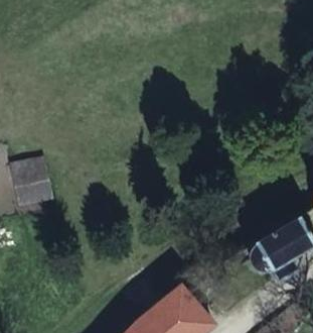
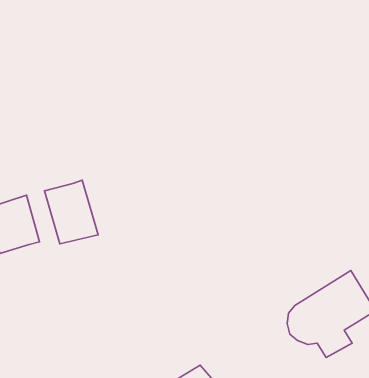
building: none -> [45,180,98,244]

